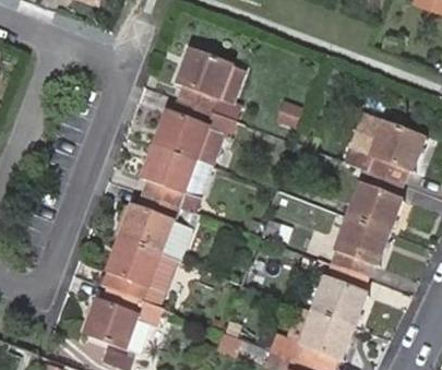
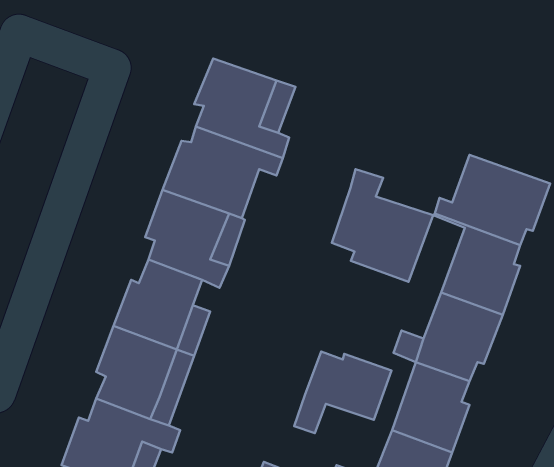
building: none -> [332,169,433,282]
building: none -> [294,351,391,433]

